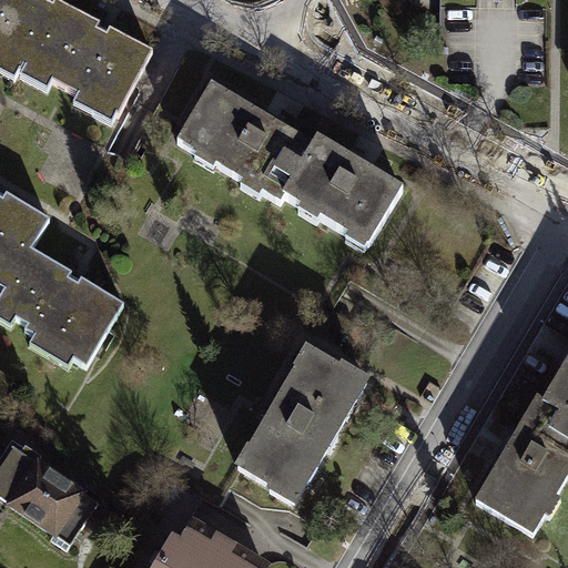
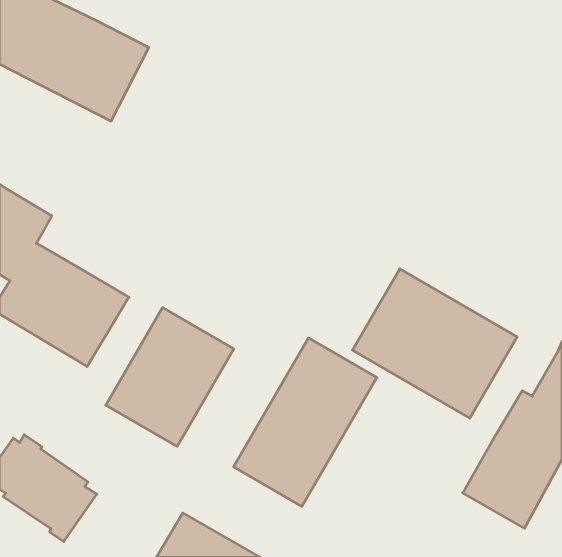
building: [179,81,397,243] -> none
building: none -> [352,269,517,418]
building: none -> [106,308,234,446]

